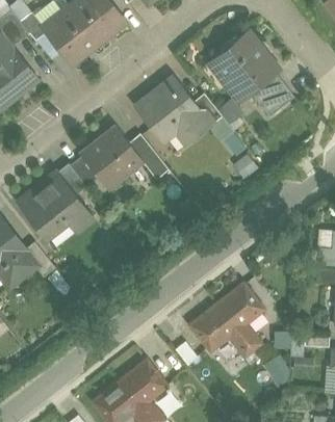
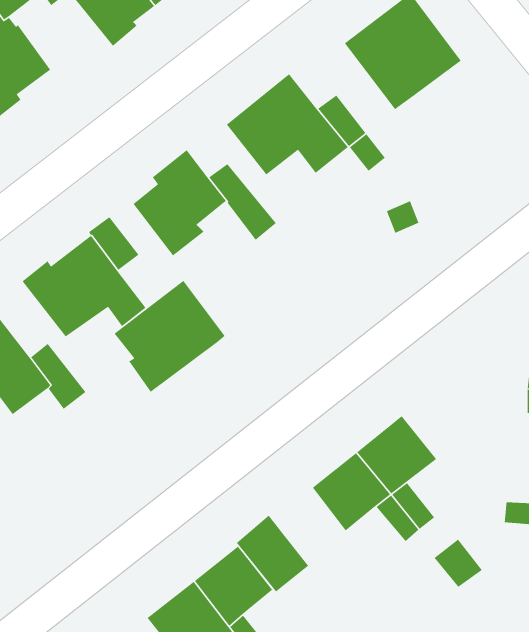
building: [251,76,293,116] -> none
building: none -> [114,280,226,393]
building: none -> [236,514,309,593]

